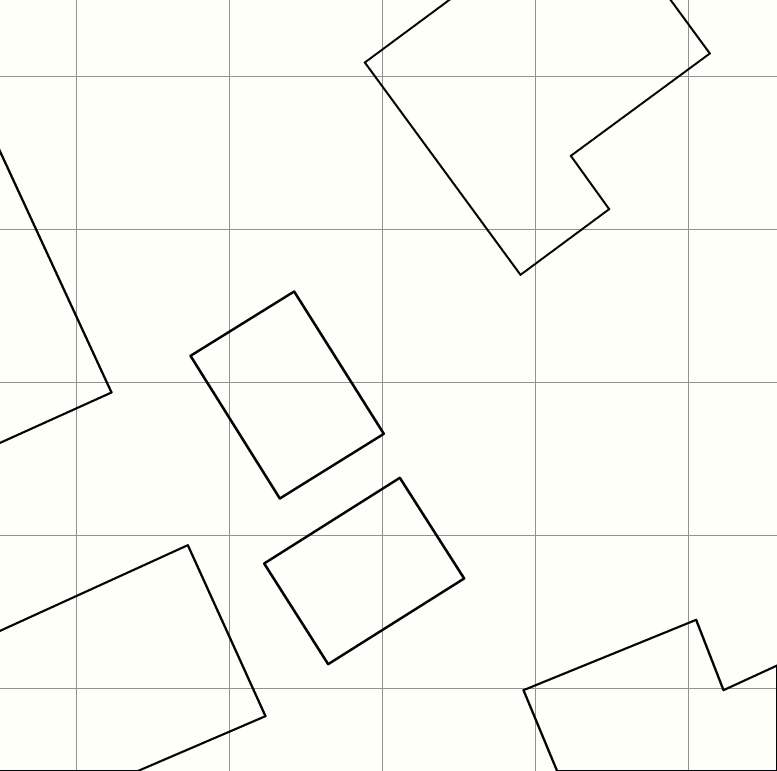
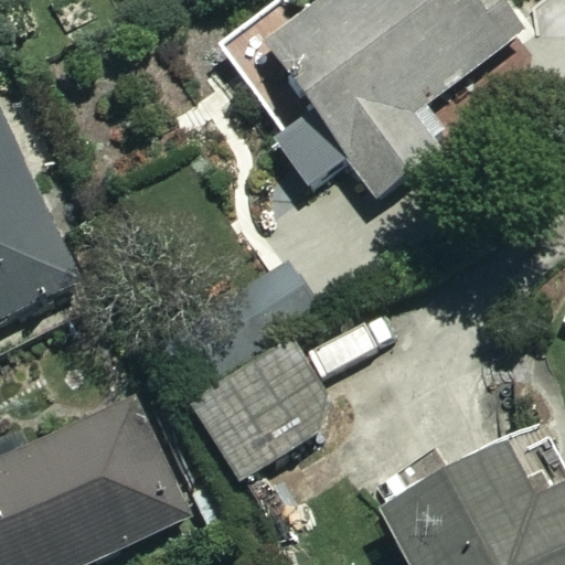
building: [190,291,384,498] -> none

